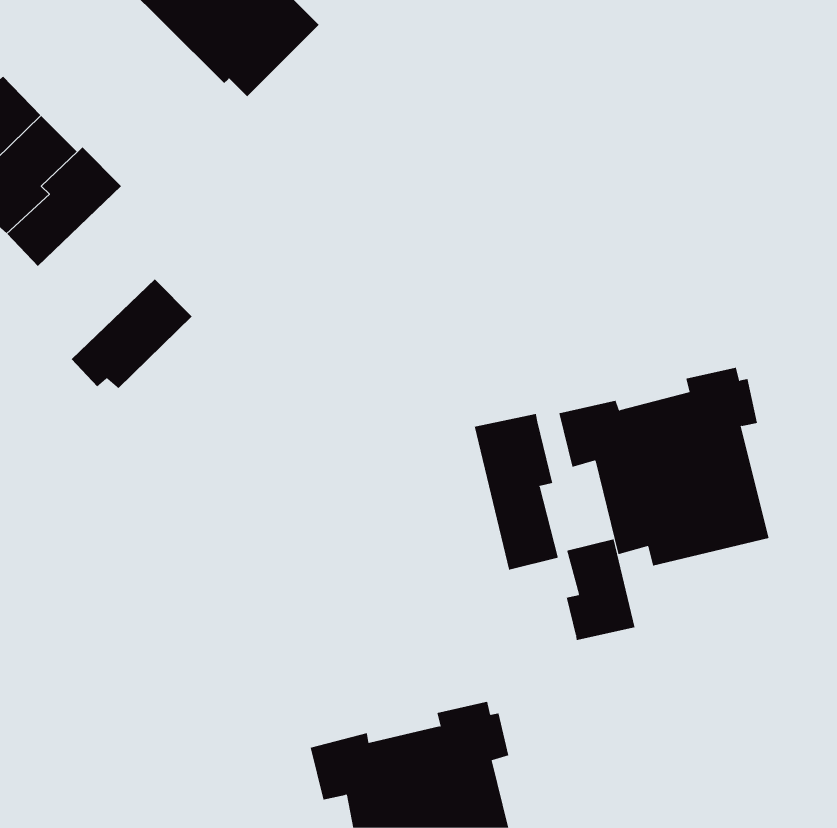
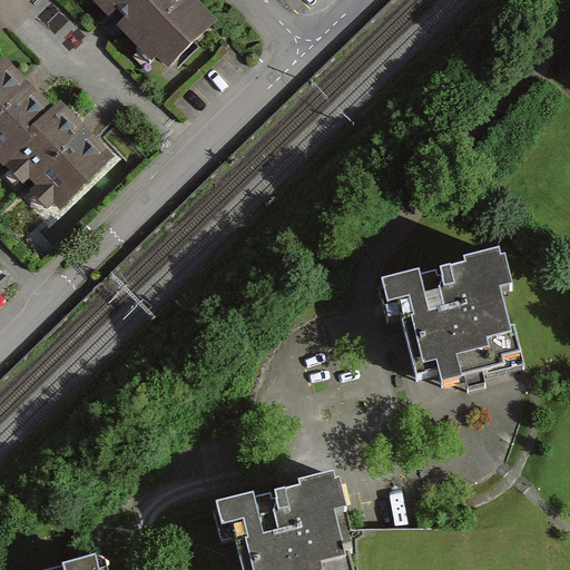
building: [71,279,193,389] -> [26,126,108,200]
building: [474,413,559,570] -> none
building: [566,539,635,641] -> none

